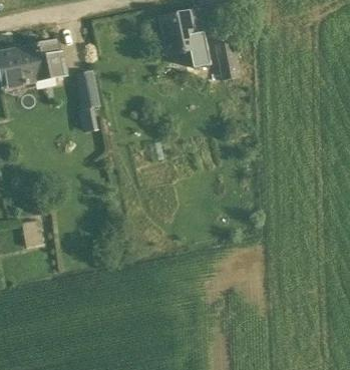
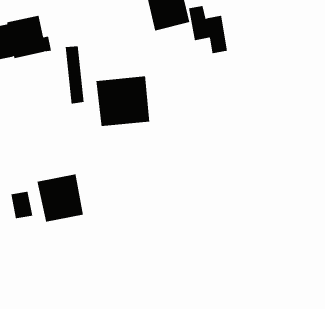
building: none -> [96,75,150,127]
building: none -> [37,174,84,222]

